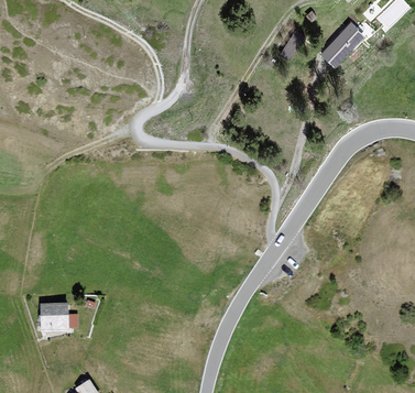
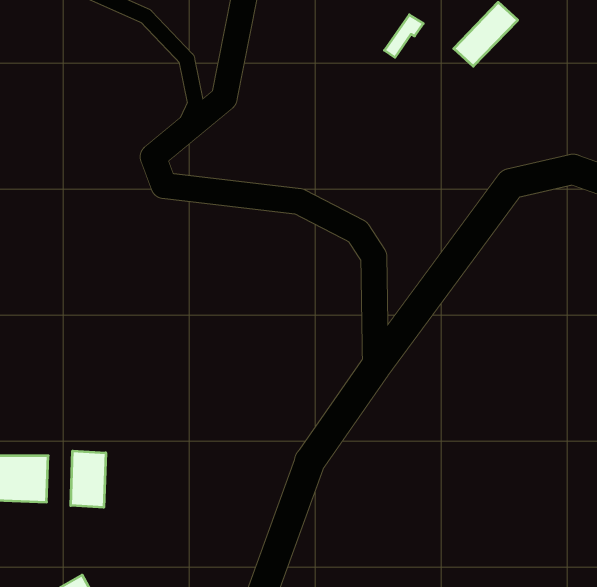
building: none -> [71,451,106,507]

